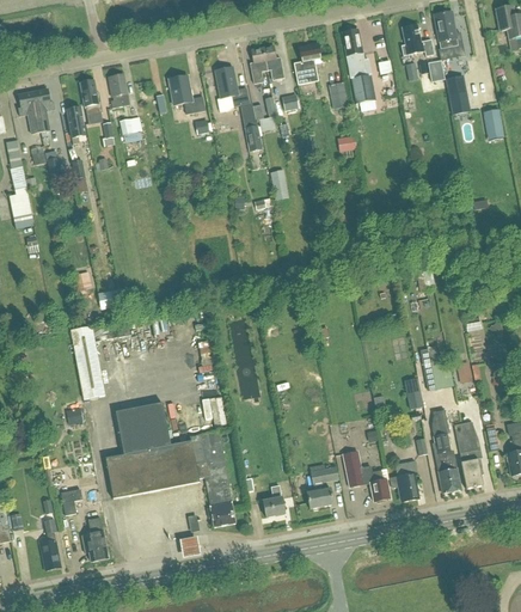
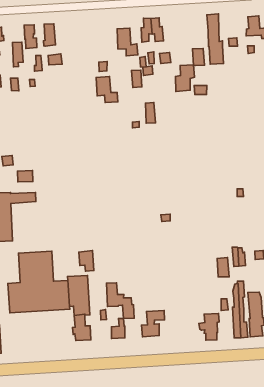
building: [294,43,321,85] -> [175,65,194,91]
building: [168,75,204,114] -> [96,77,118,103]
building: [343,451,390,501] -> [106,283,134,318]

